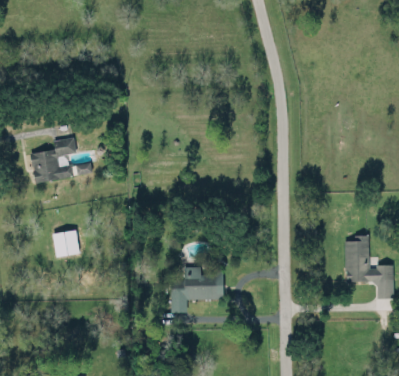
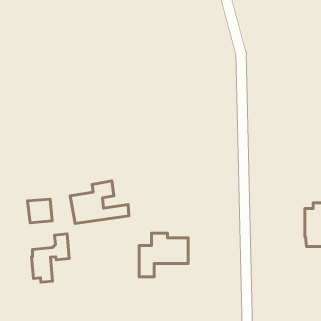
building: [29,137,91,182] -> [70,181,129,223]
building: none -> [32,234,69,282]

